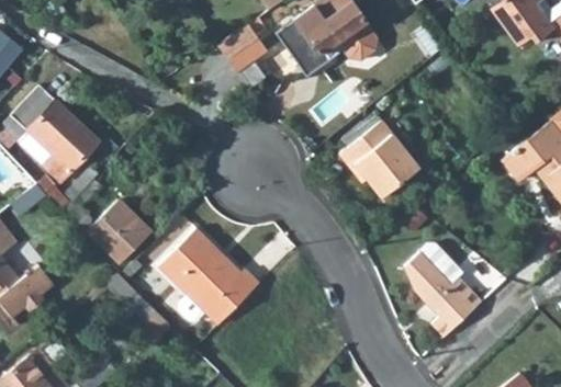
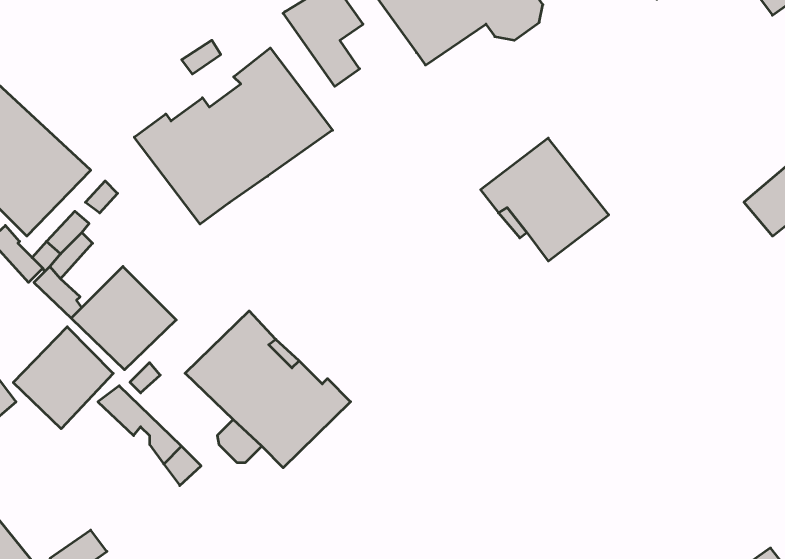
building: none -> [134,48,333,224]
building: none -> [13,327,113,429]
building: [404,243,481,337] -> none

